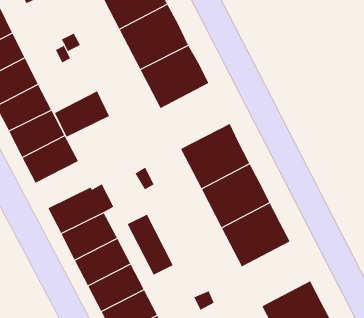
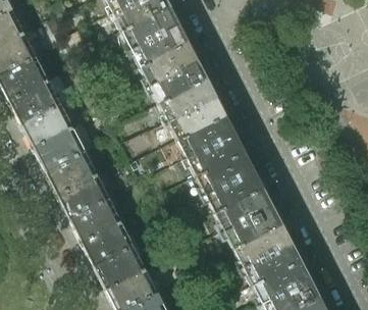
building: none -> [161,80,225,140]
building: [54,91,110,137] -> [47,151,98,194]
building: [127,214,174,276] -> none
building: none -> [235,224,299,283]

